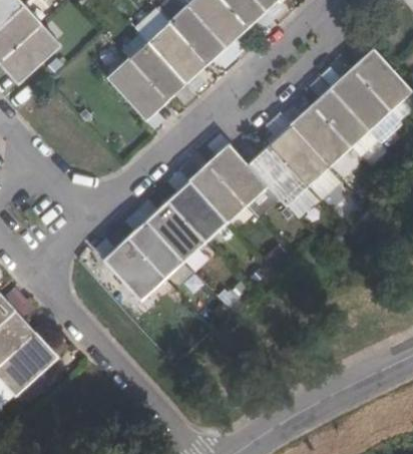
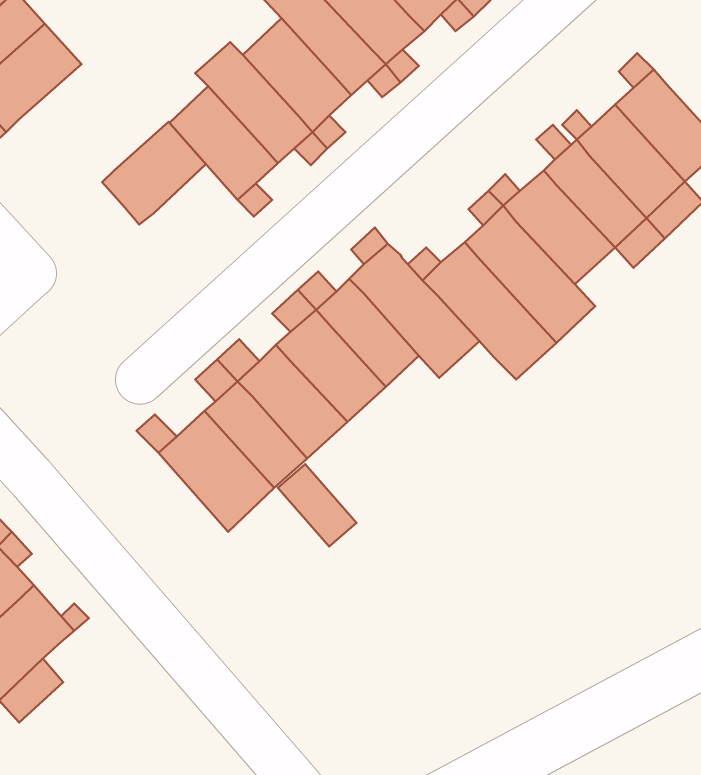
building: none -> [102,122,206,225]

